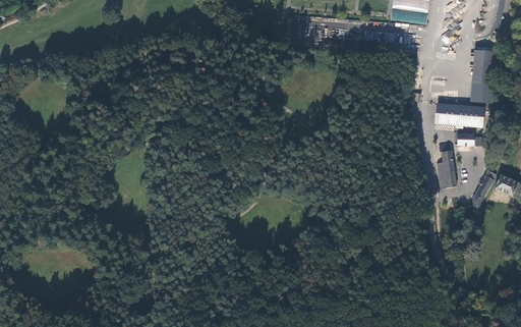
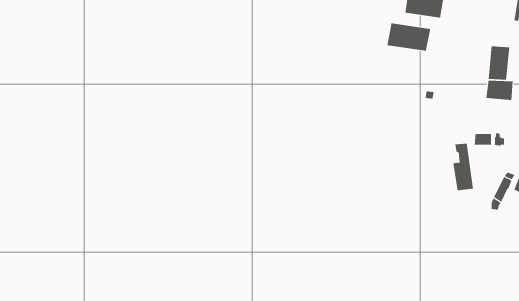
building: none -> [387,23,431,52]
building: [438,109,483,128] -> none

